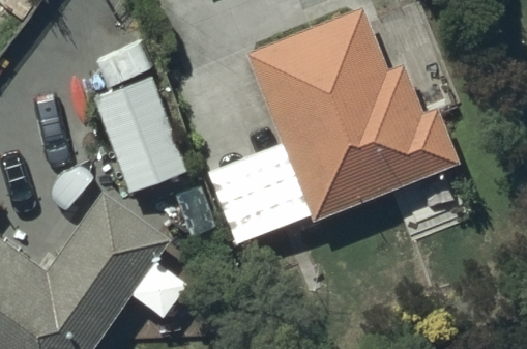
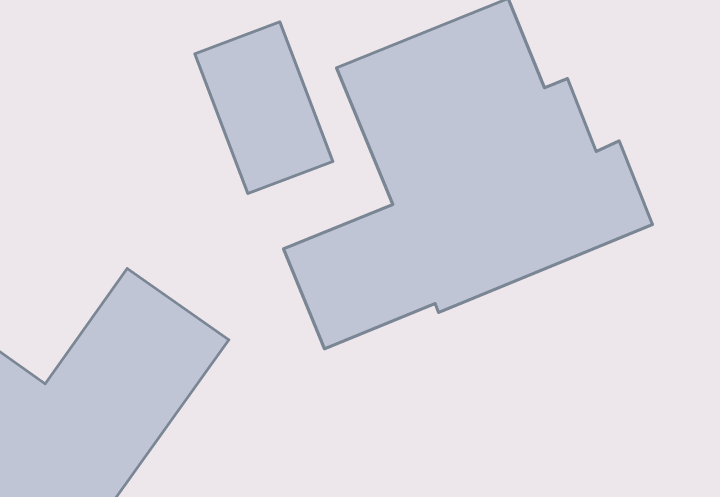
building: [94,78,188,195] -> [195,22,333,193]

